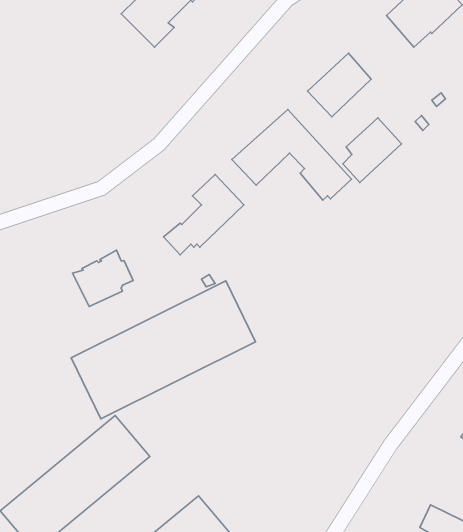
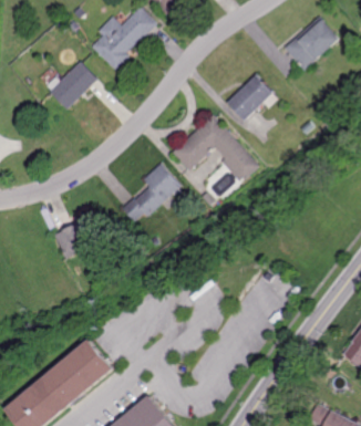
building: none -> [50,61,97,110]
building: [343,118,402,183] -> none
building: [71,281,255,419] -> none

